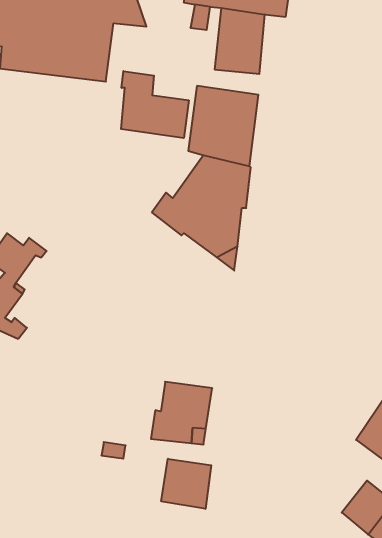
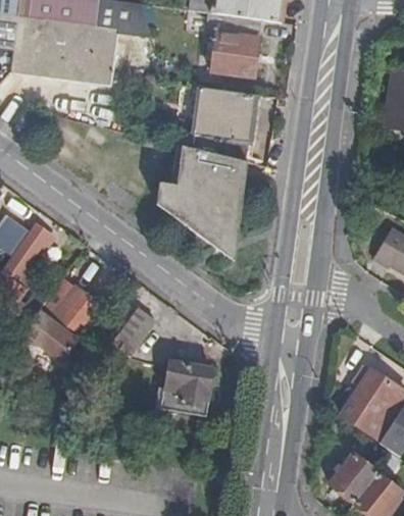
building: [121,71,189,138] -> none
building: none -> [29,287,104,361]
building: none -> [111,309,154,356]
building: [161,459,211,509] -> none

